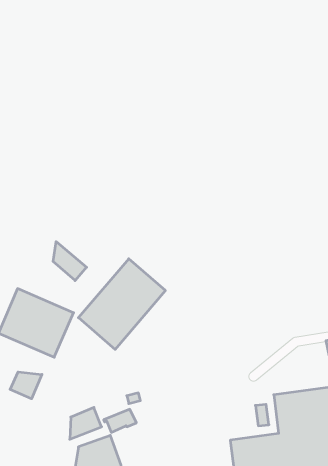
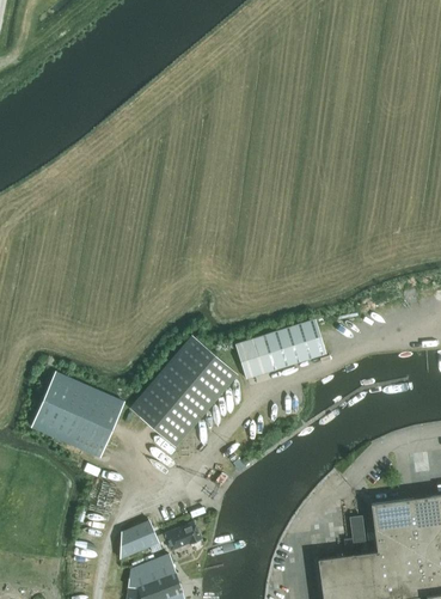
building: [53,242,87,281] -> none
building: none -> [235,319,326,379]
building: [10,372,42,399] -> none

